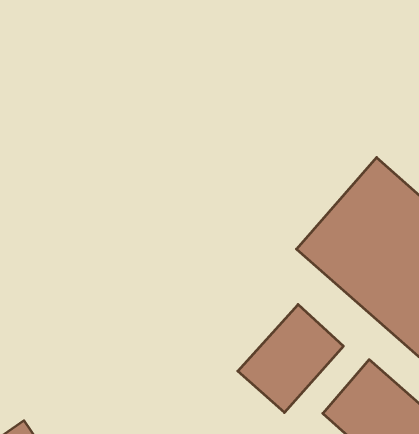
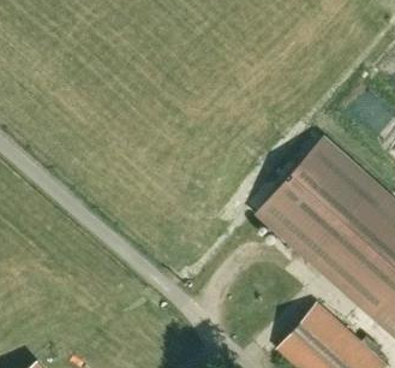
building: [238,304,343,413] -> none

